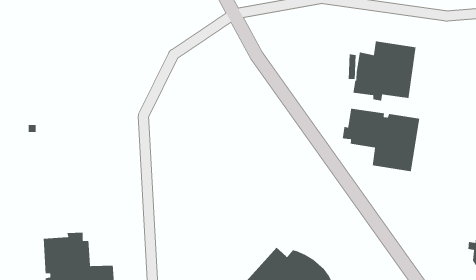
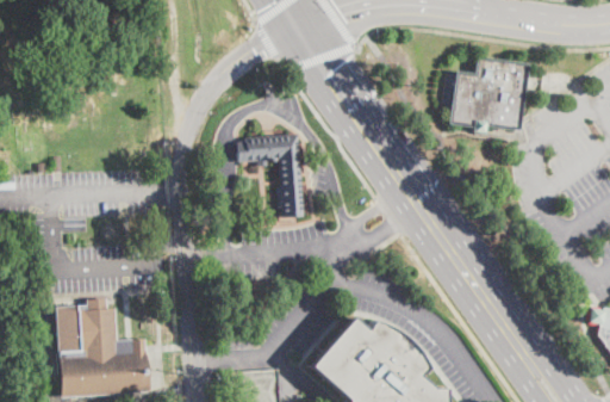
building: none -> [238,132,305,217]
building: [342,108,420,172] -> none

